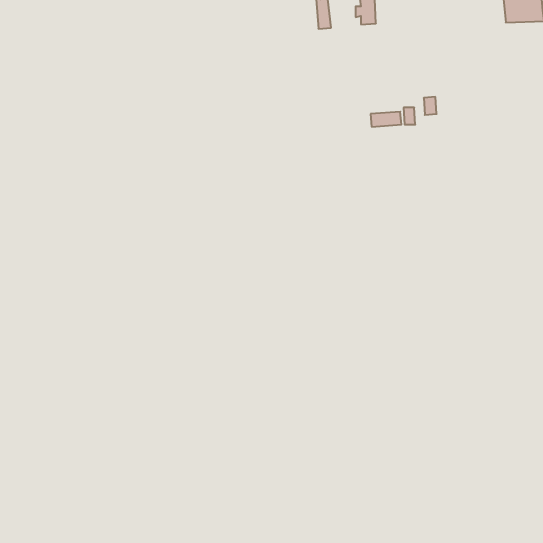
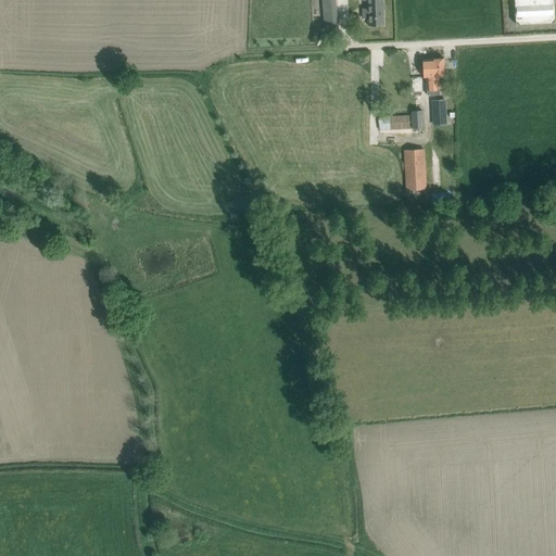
building: none -> [424,58,446,89]
building: none -> [404,148,427,189]

